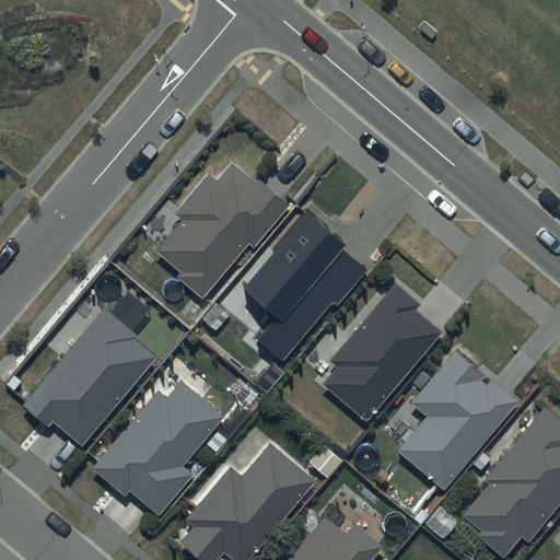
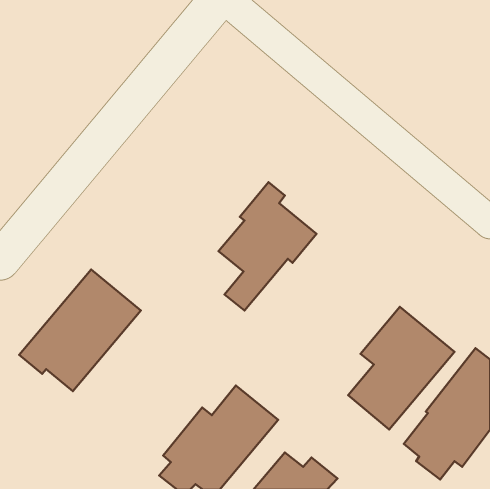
building: [155,165,288,300] -> none
building: [324,284,441,421] -> none
building: [93,382,225,515] -> none

